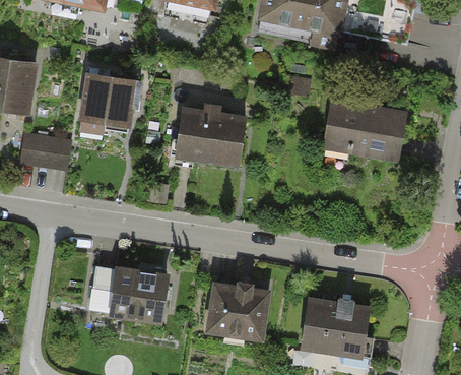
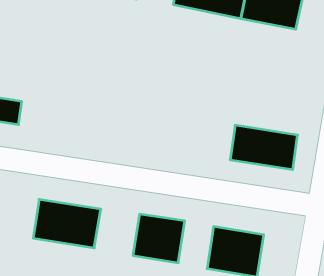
building: [77,75,135,133] -> none
building: [324,105,407,160] -> [230,125,298,170]
building: [173,107,244,167] -> none

